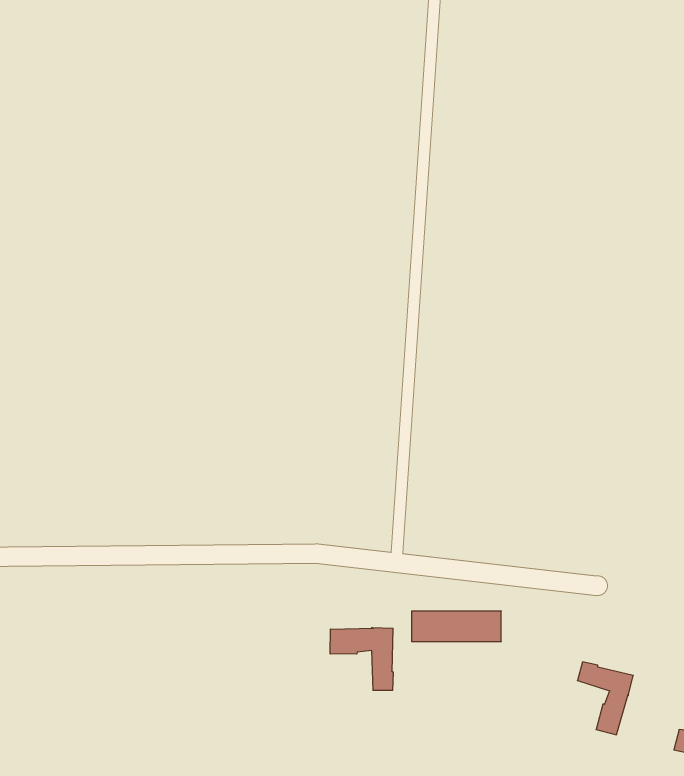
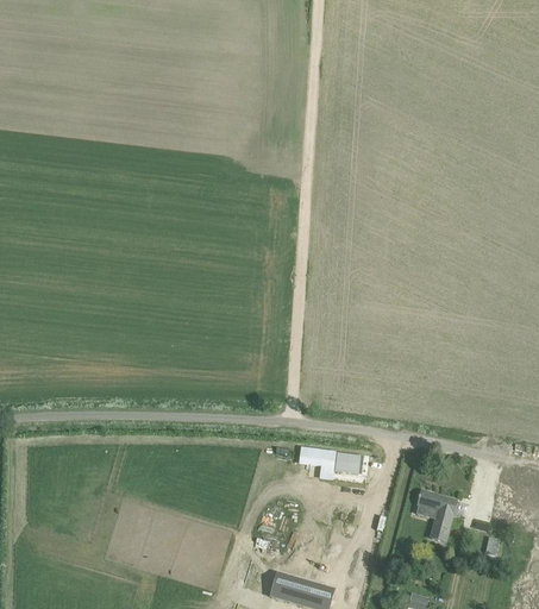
building: [330,628,393,690] -> none

